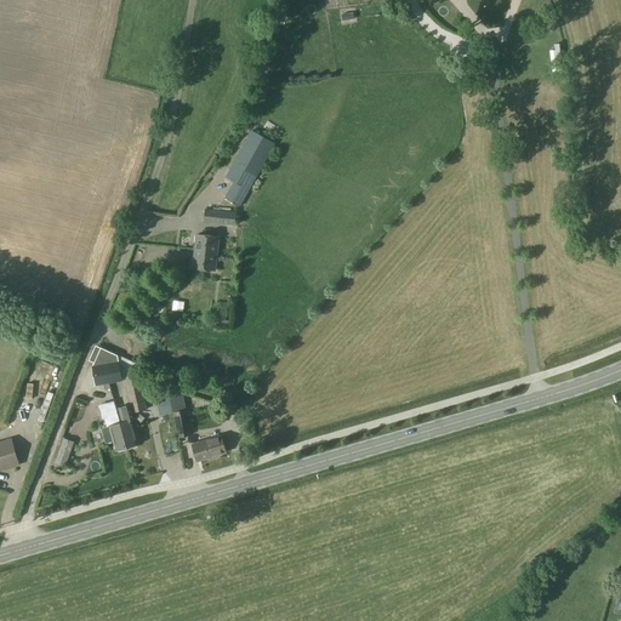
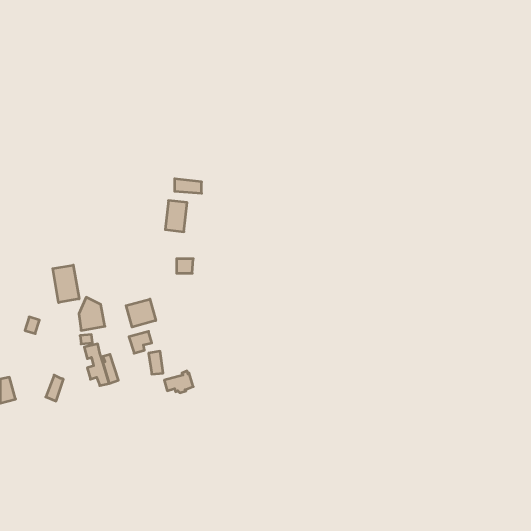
building: [224,131,275,206] -> none
building: none -> [53,265,79,303]
building: none -> [126,299,156,327]

